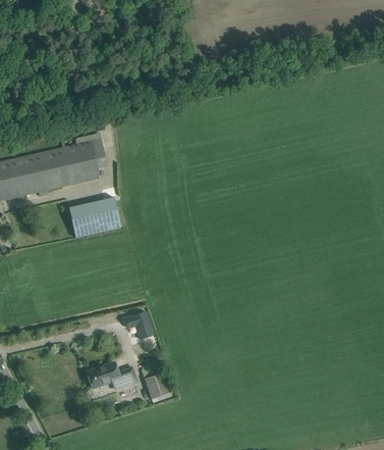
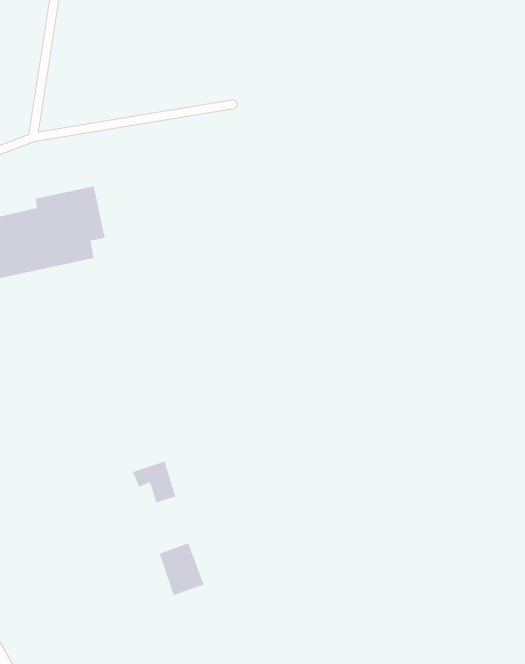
building: [67,197,119,240] -> none
building: [86,361,136,390] -> none

